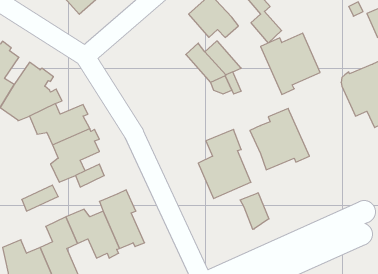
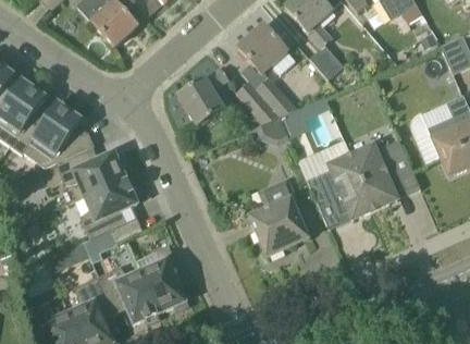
building: none -> [177,66,228,124]
building: [261,33,320,94] -> [351,138,419,208]
building: [240,193,269,229] -> none

